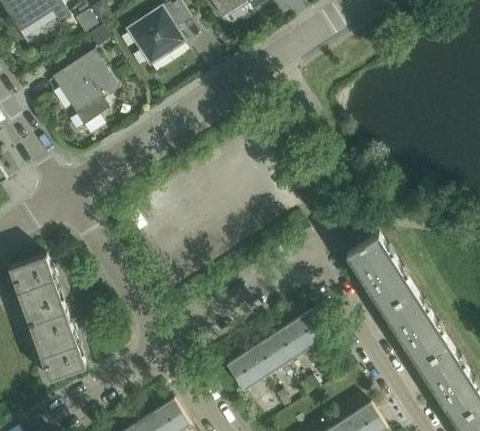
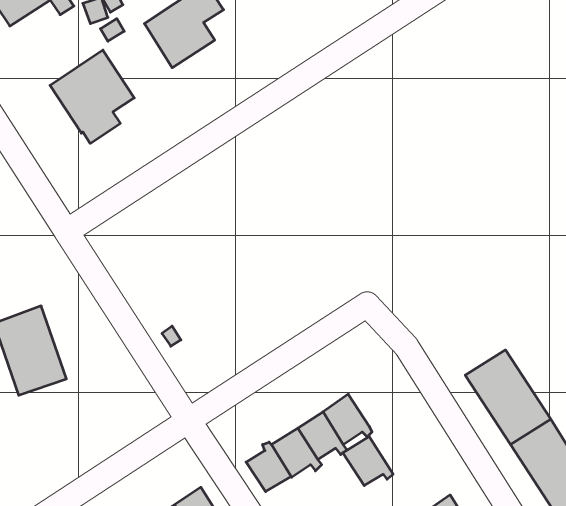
building: [346,233,413,308] -> none
building: [288,310,328,349] -> [343,436,393,486]
building: [26,311,84,381] -> none
building: none -> [246,442,291,492]

